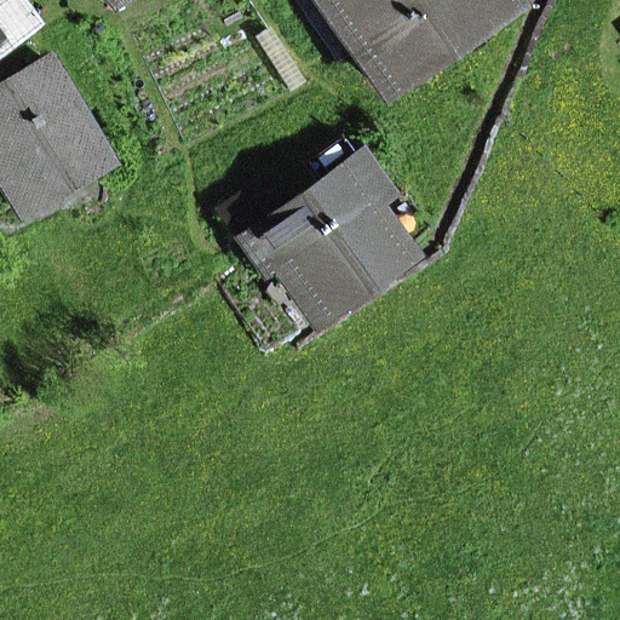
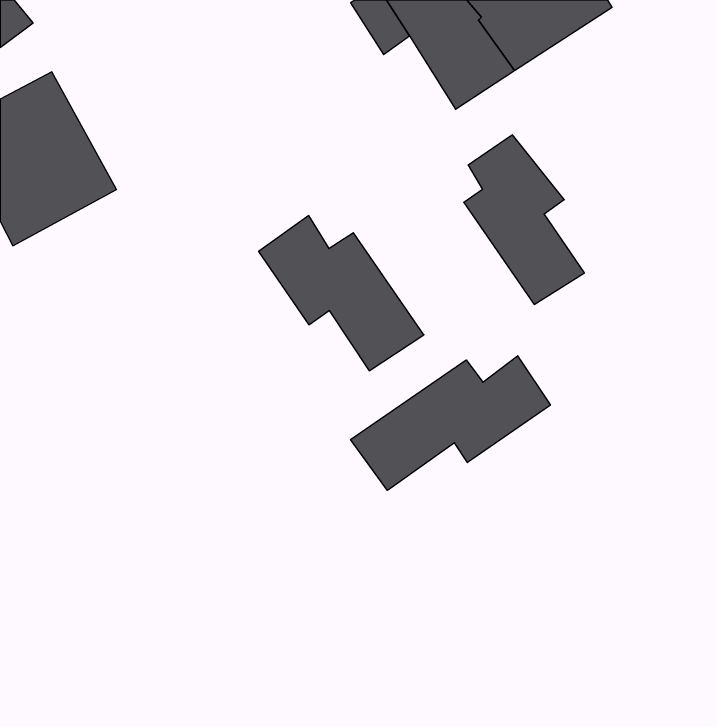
building: [312,145,414,288] -> [464,135,584,304]
building: none -> [351,356,550,490]

